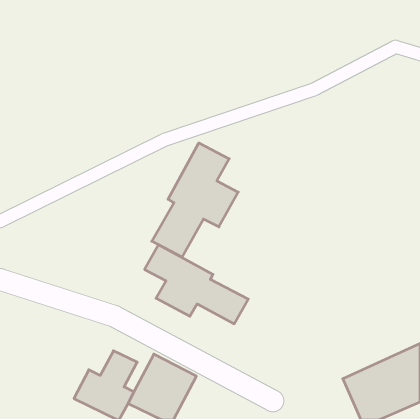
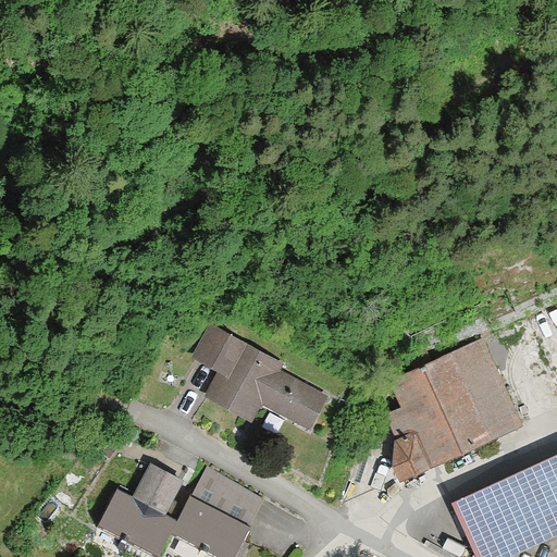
building: [152,143,238,257] -> none
building: none -> [386,338,521,481]

